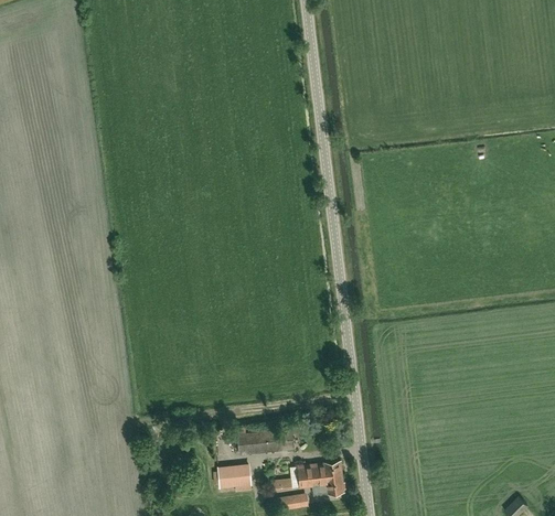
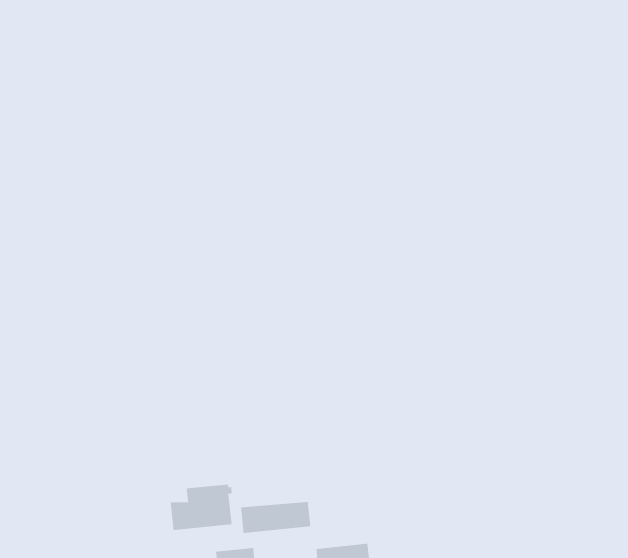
building: none -> [170,484,232,531]

